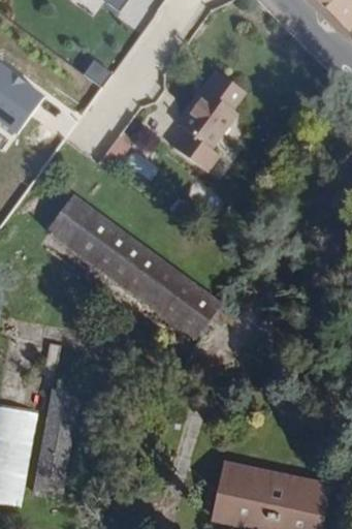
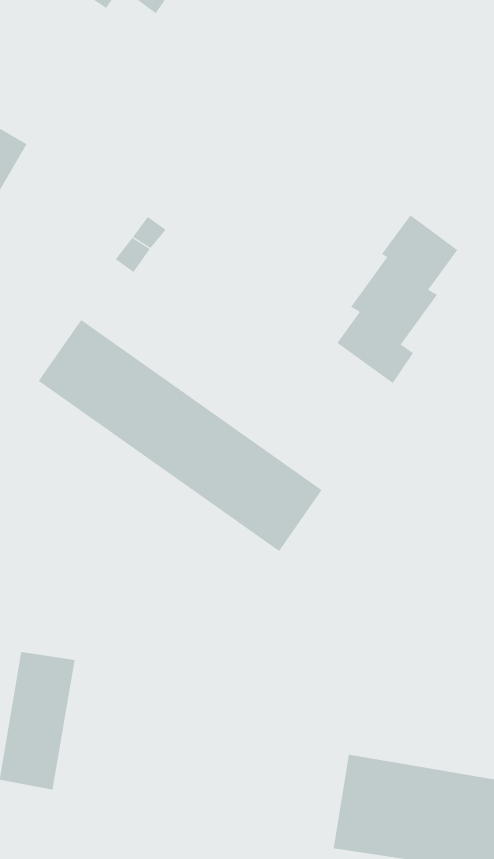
building: [171,70,245,173] -> [337,214,458,384]

